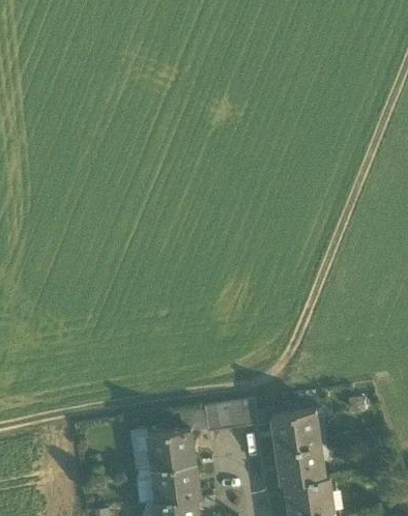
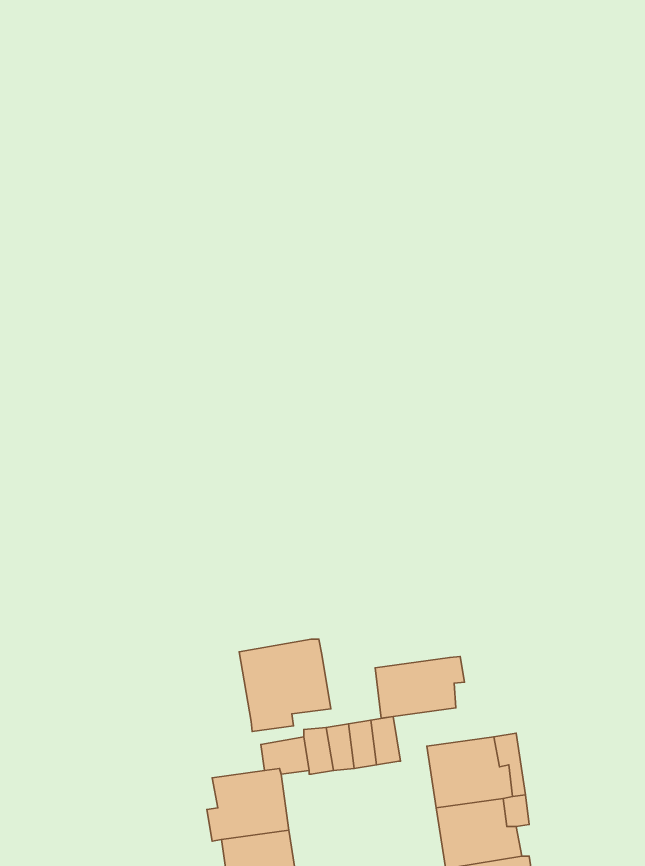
building: none -> [239,639,331,731]
building: none -> [375,657,465,718]

